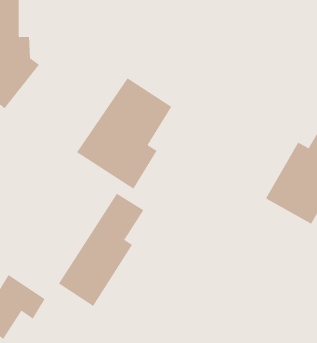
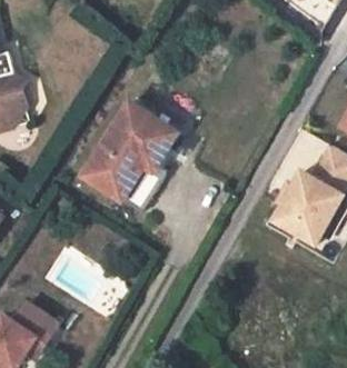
building: [58,193,144,307] -> none

